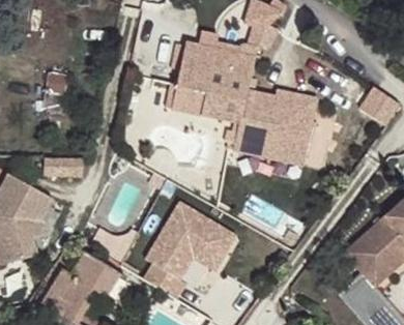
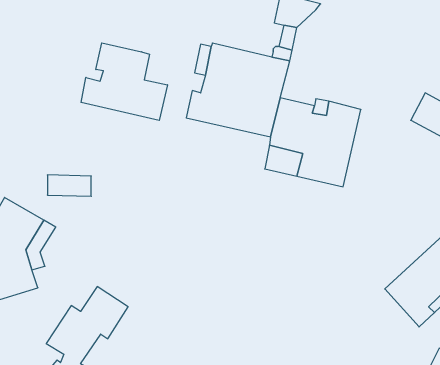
building: none -> [81,43,167,120]
building: [138,206,235,295] -> none

